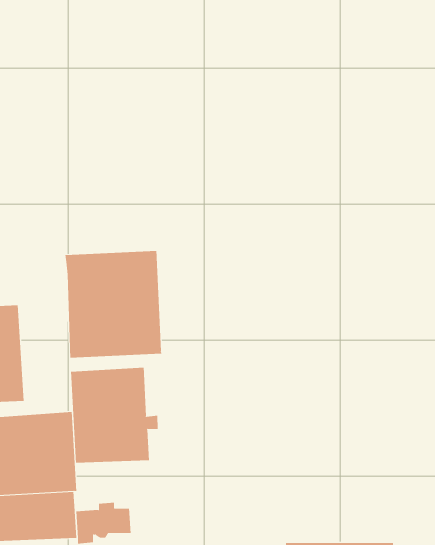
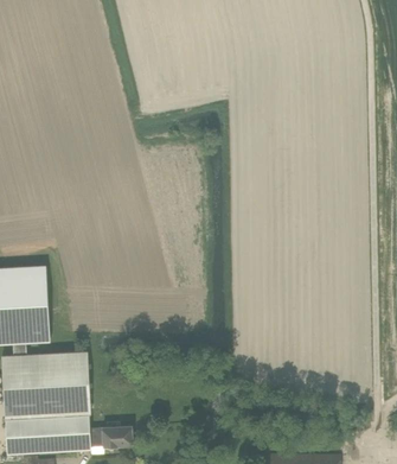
building: [65,250,162,358] -> none
building: [70,367,158,464] -> none

